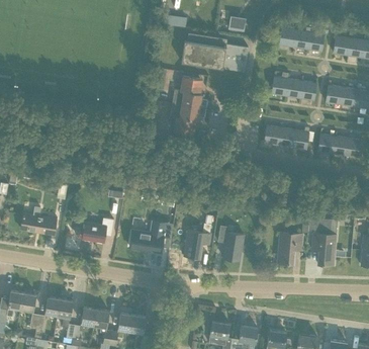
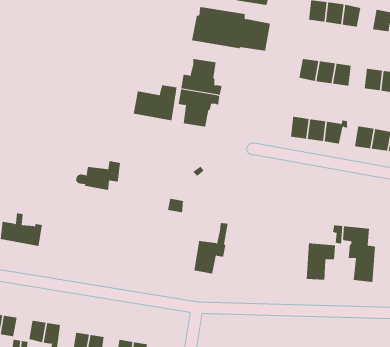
building: none -> [133,84,177,121]
building: [75,217,113,243] -> [75,161,121,191]
building: [129,222,164,252] -> none
building: [218,226,243,260] -> none

